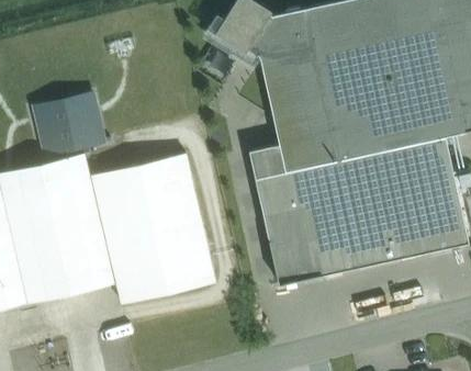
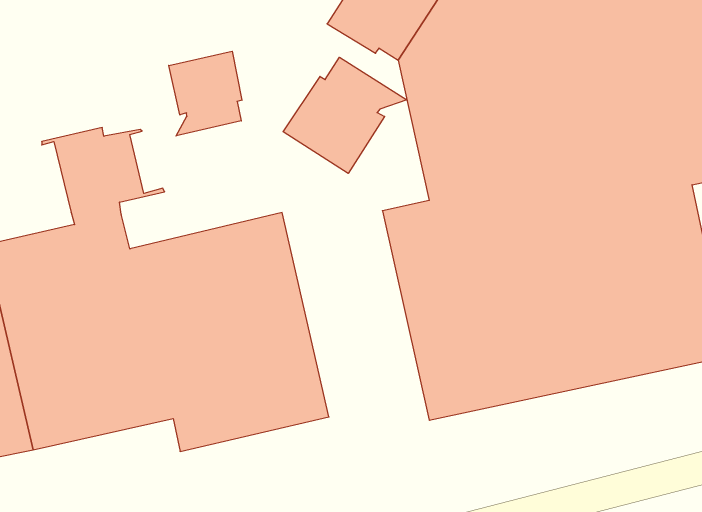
building: none -> [169,51,242,136]
building: none -> [283,57,407,173]

